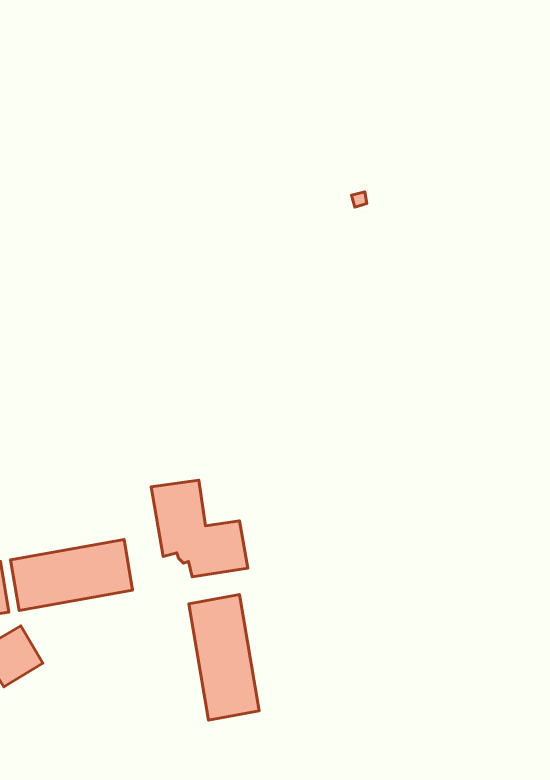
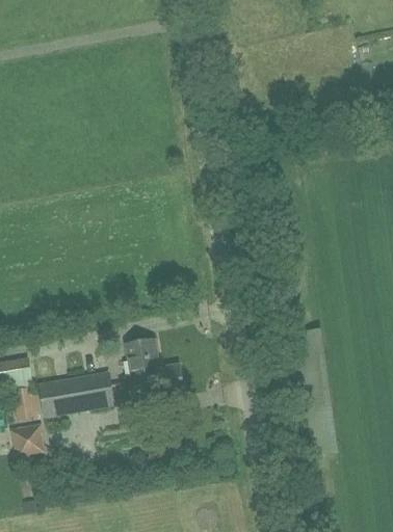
building: [189,595,259,720] -> none

